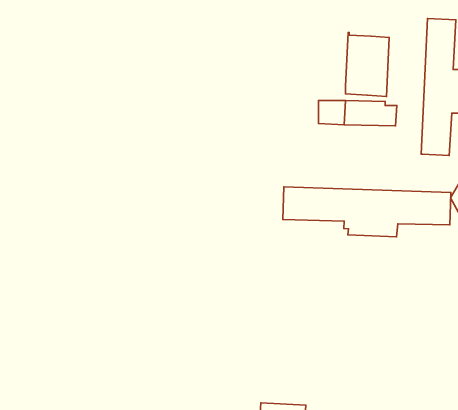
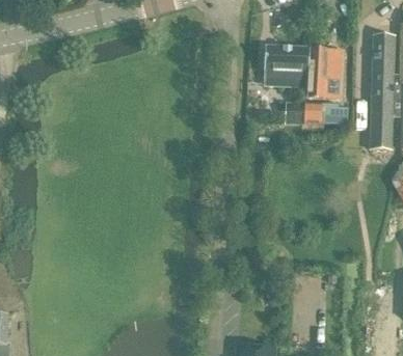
building: none -> [264,46,308,90]
building: [283,187,451,237] -> none

